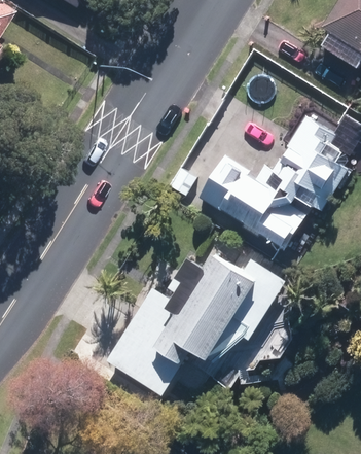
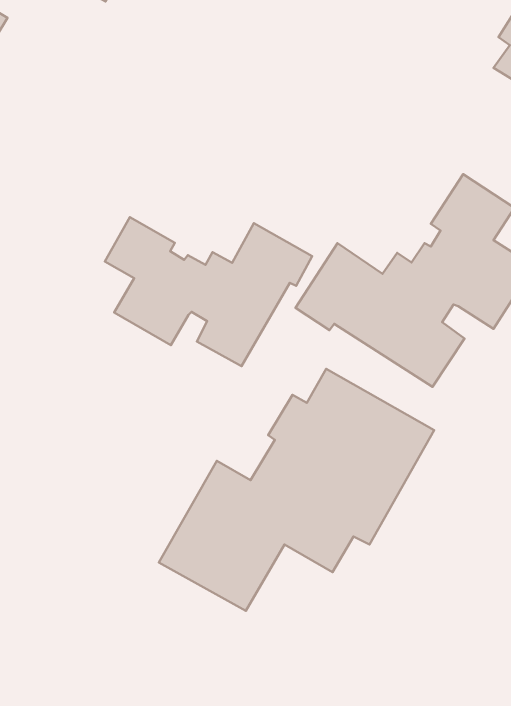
building: none -> [105,217,312,366]

